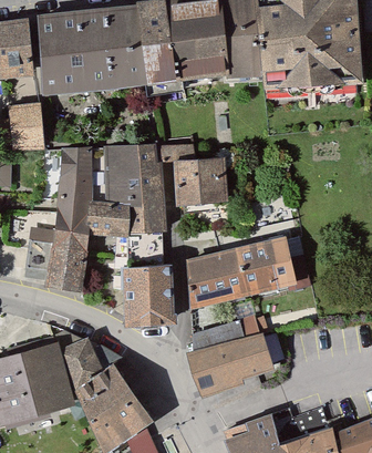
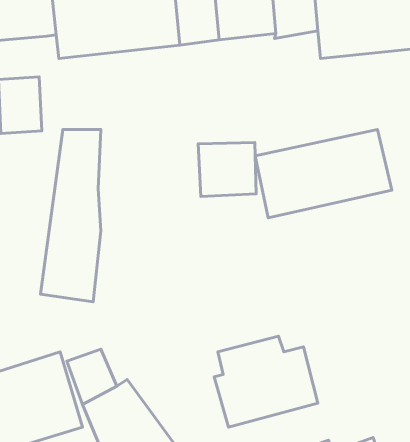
building: [92,148,157,237] -> none
building: [182,238,297,312] -> [255,129,392,218]
building: [121,267,169,329] -> none

